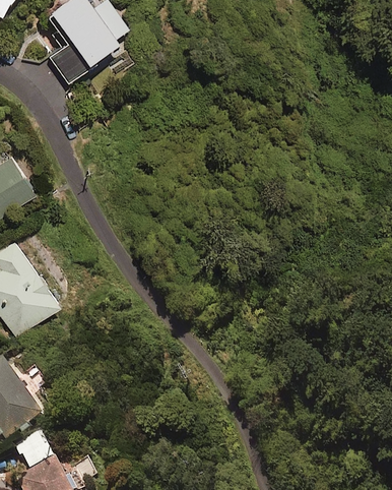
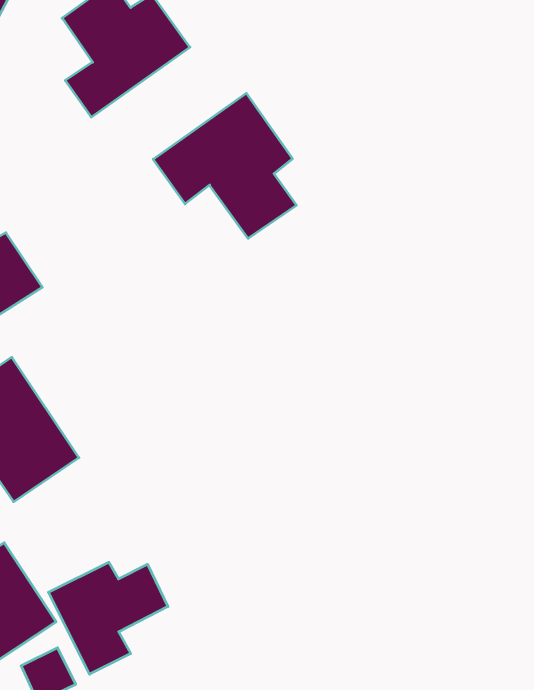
building: none -> [153,93,296,238]
building: none -> [48,562,168,674]

